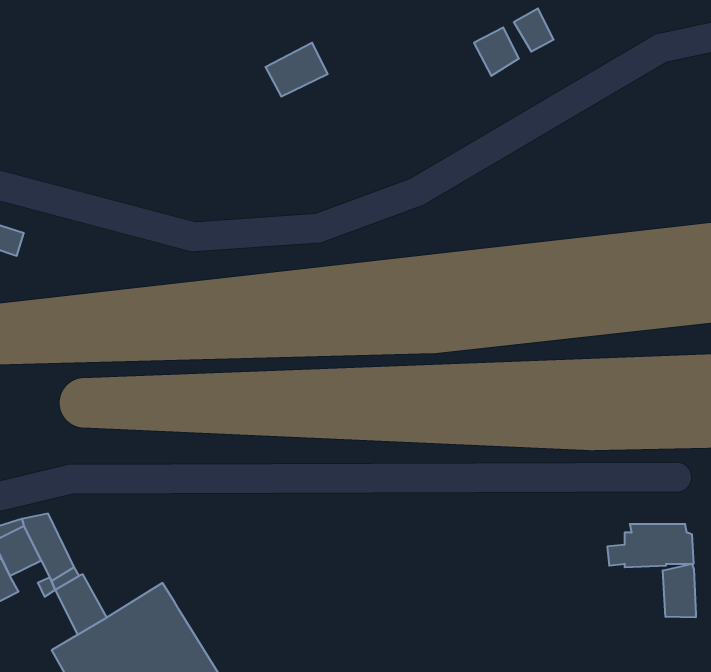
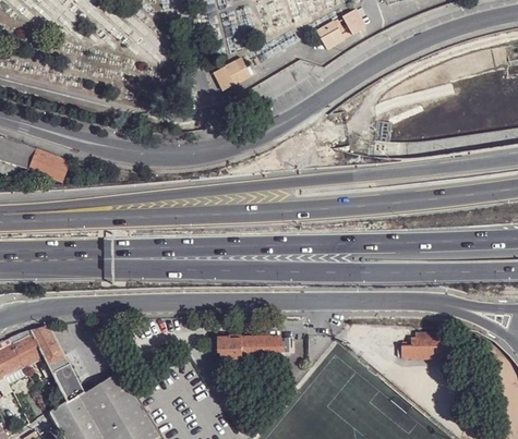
building: [265,43,328,96] -> [212,57,251,90]
building: none -> [27,148,68,180]
building: none -> [215,334,281,362]
building: [663,564,696,617] -> none

